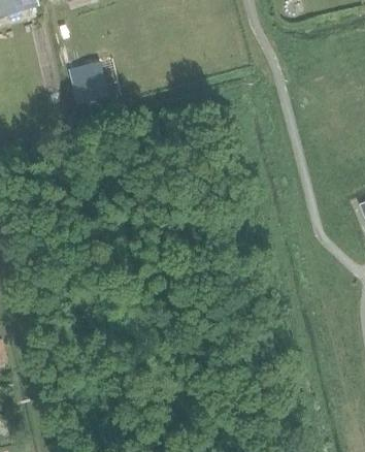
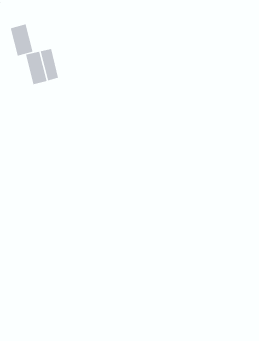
building: none -> [10,24,33,57]

